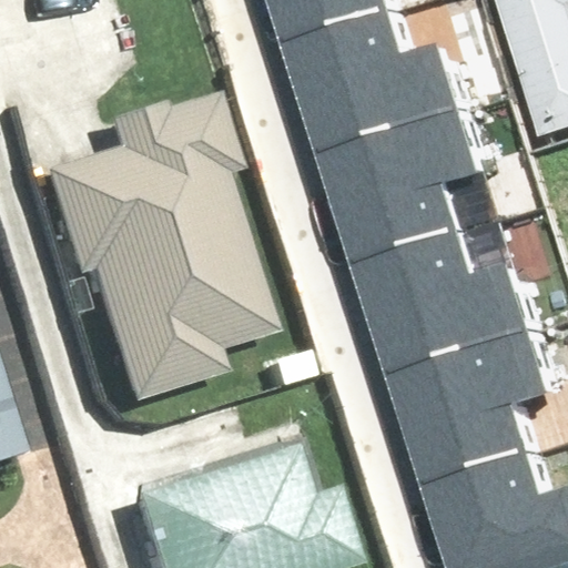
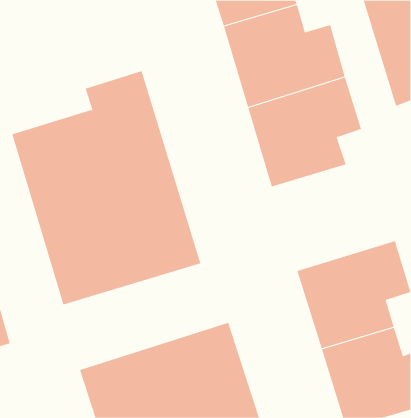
building: [368,223,537,367] -> none

